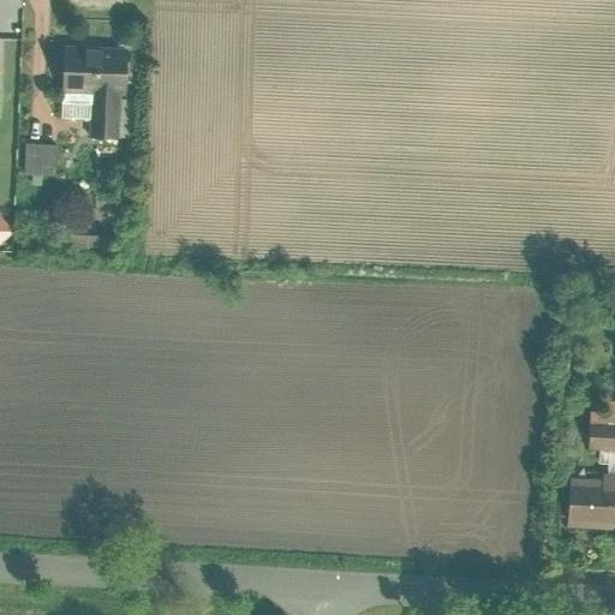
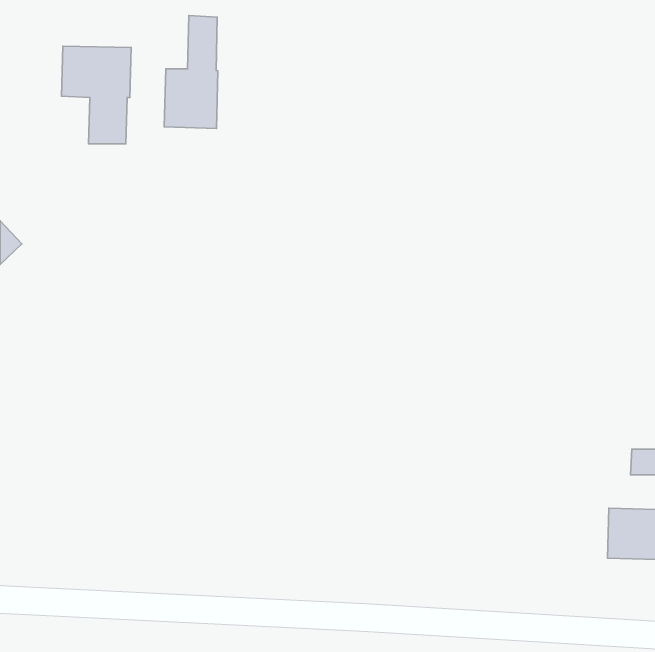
building: none -> [164,15,218,129]
building: [32,145,59,174] -> none

